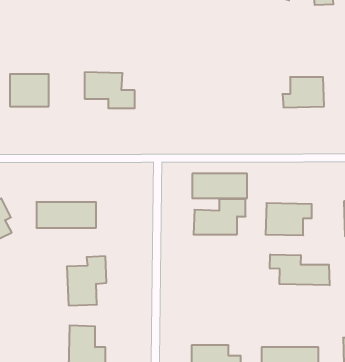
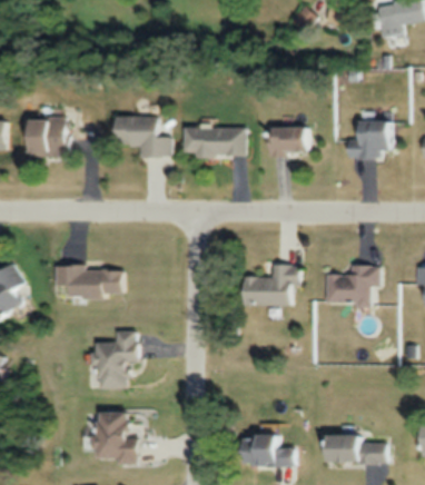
building: none -> [267,127,308,151]
building: [192,174,247,198] -> [182,127,247,156]
building: [270,254,330,285] -> none

